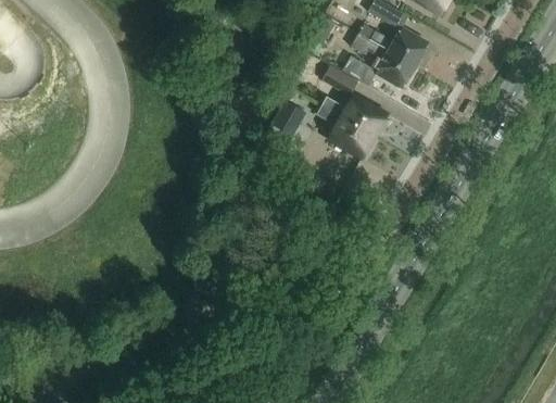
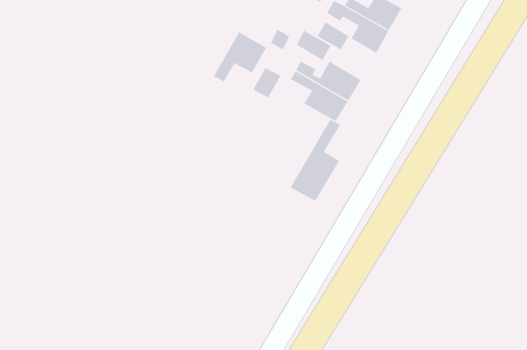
building: none -> [213,32,267,82]
building: none -> [290,119,341,201]

